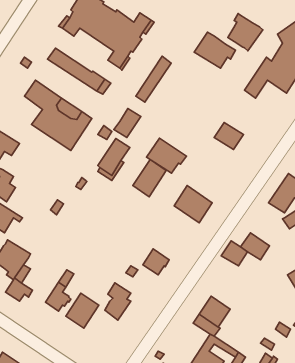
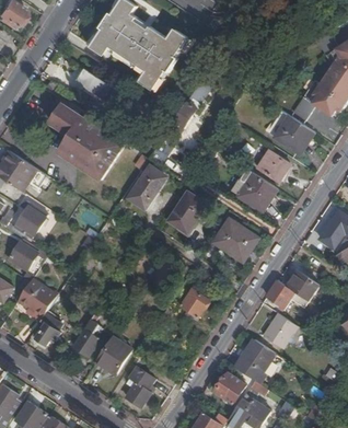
building: [228,13,263,51] -> none
building: [194,32,235,68] -> [268,111,313,150]
building: [146,138,187,173] -> [233,169,277,207]
building: none -> [262,313,295,348]
building: [105,283,131,320] -> [124,367,152,407]
building: none -> [213,372,244,404]

